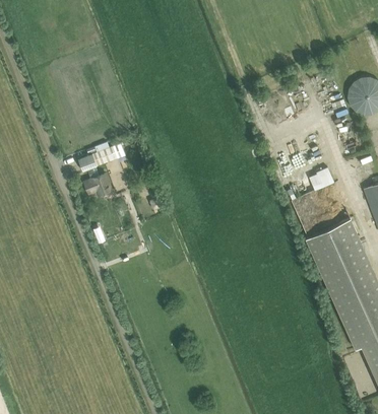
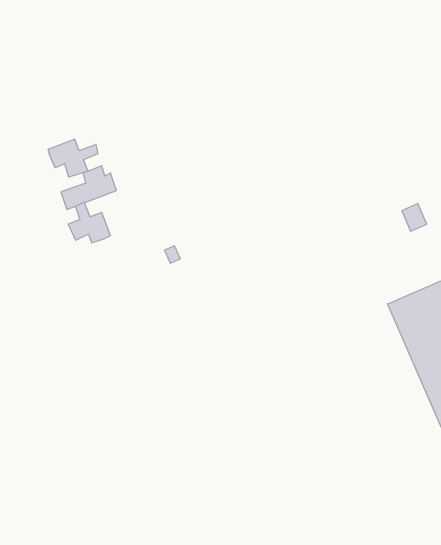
building: none -> [48,139,98,177]

